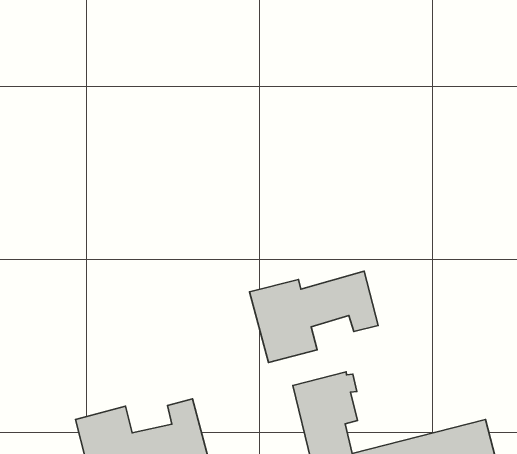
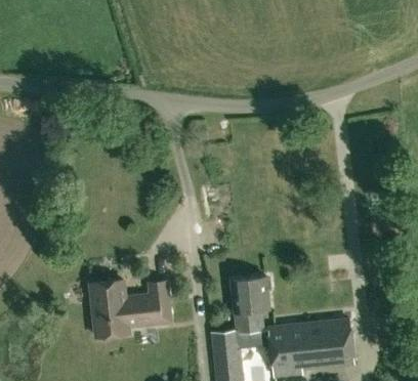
building: [250,271,378,362] -> none

